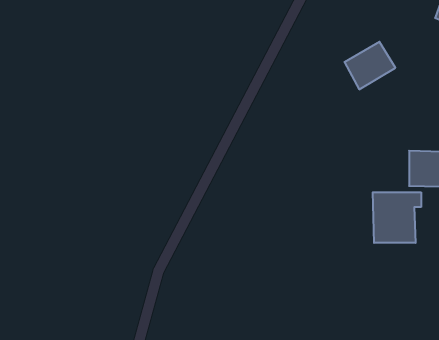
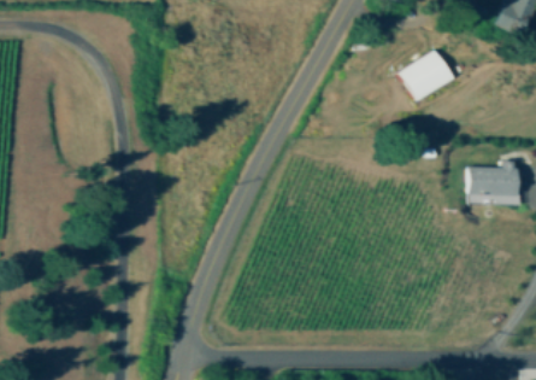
building: [373,192,421,243] -> none

